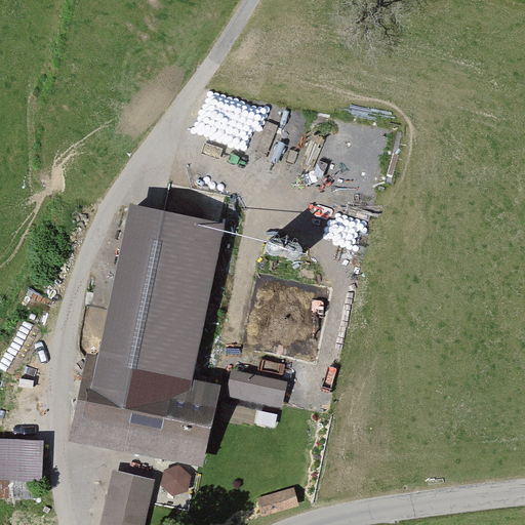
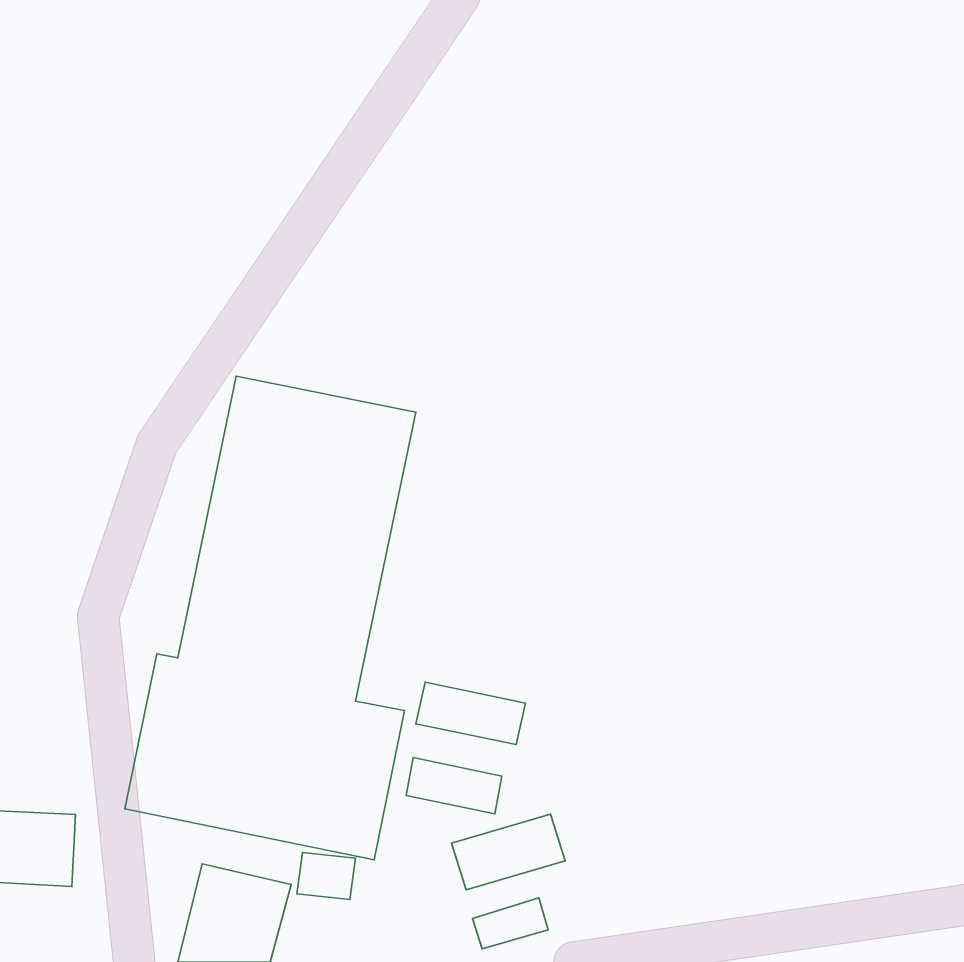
building: none -> [406,758,502,814]
building: none -> [452,814,565,890]

